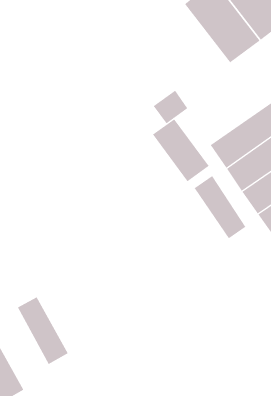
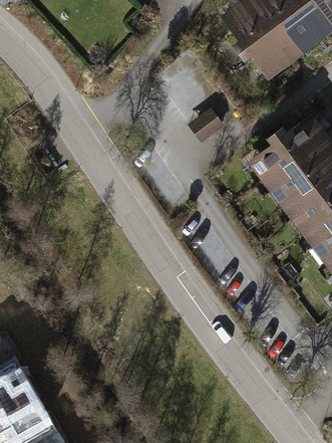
building: [152,118,209,182] -> none
building: [194,175,246,239] -> none
building: [17,296,68,365] -> none

